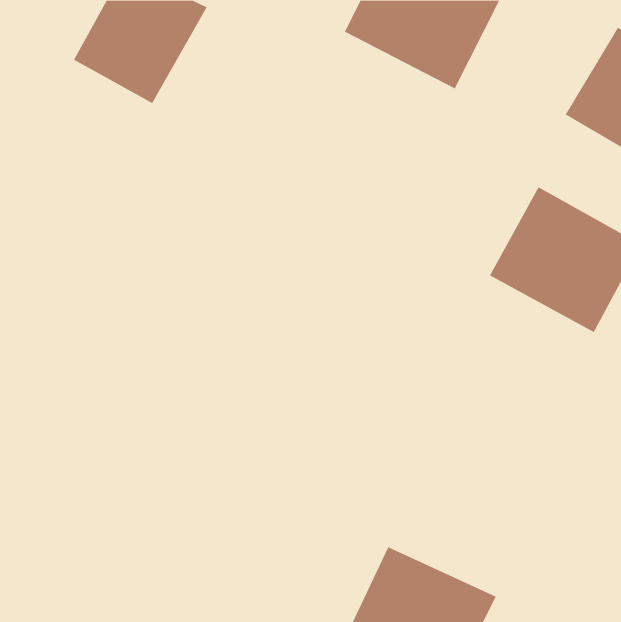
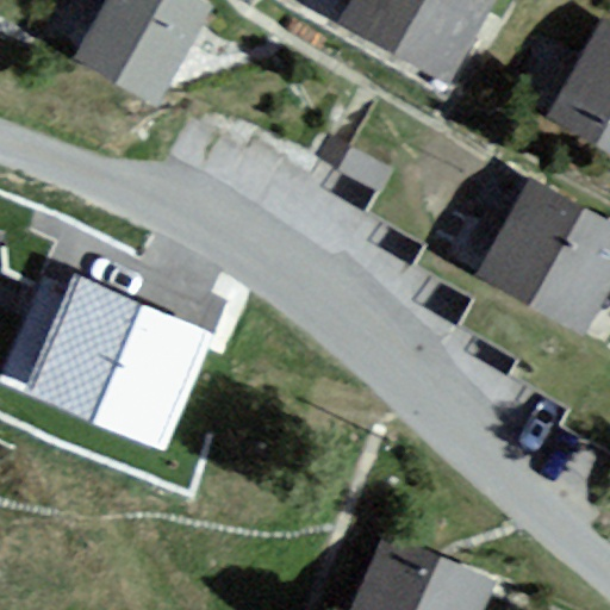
building: none -> [11,262,217,444]

